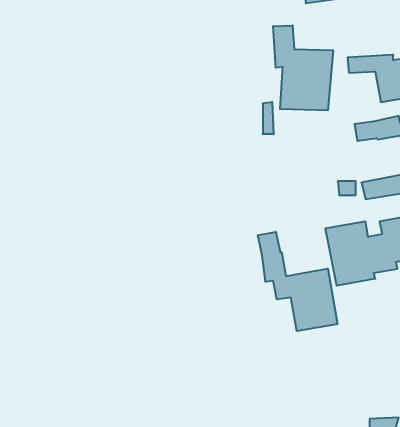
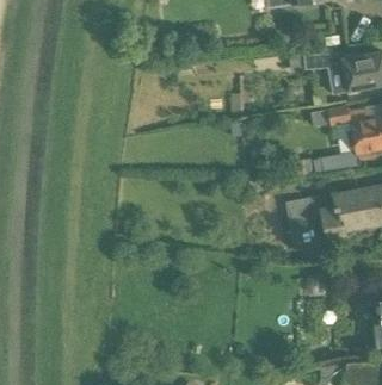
building: [273,25,333,110] -> none
building: [258,232,337,331] -> none

